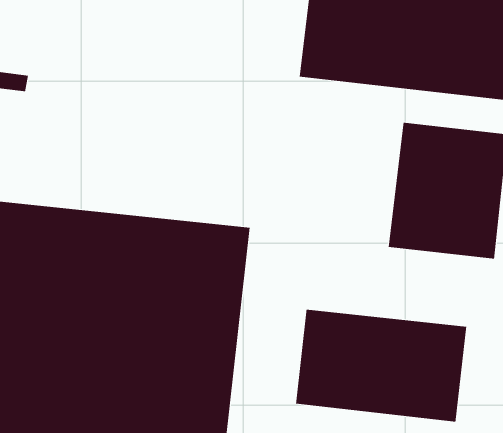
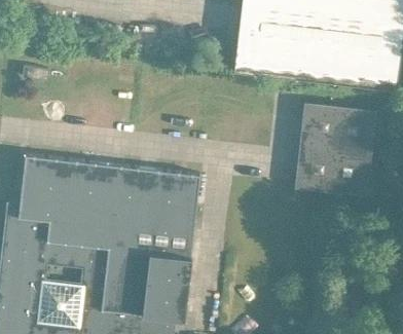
building: [296,309,467,423] -> none

